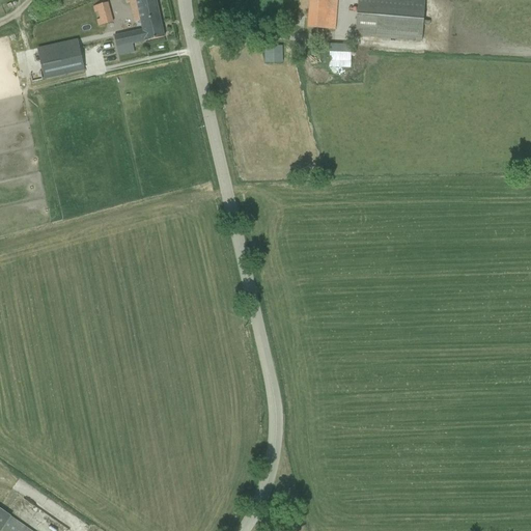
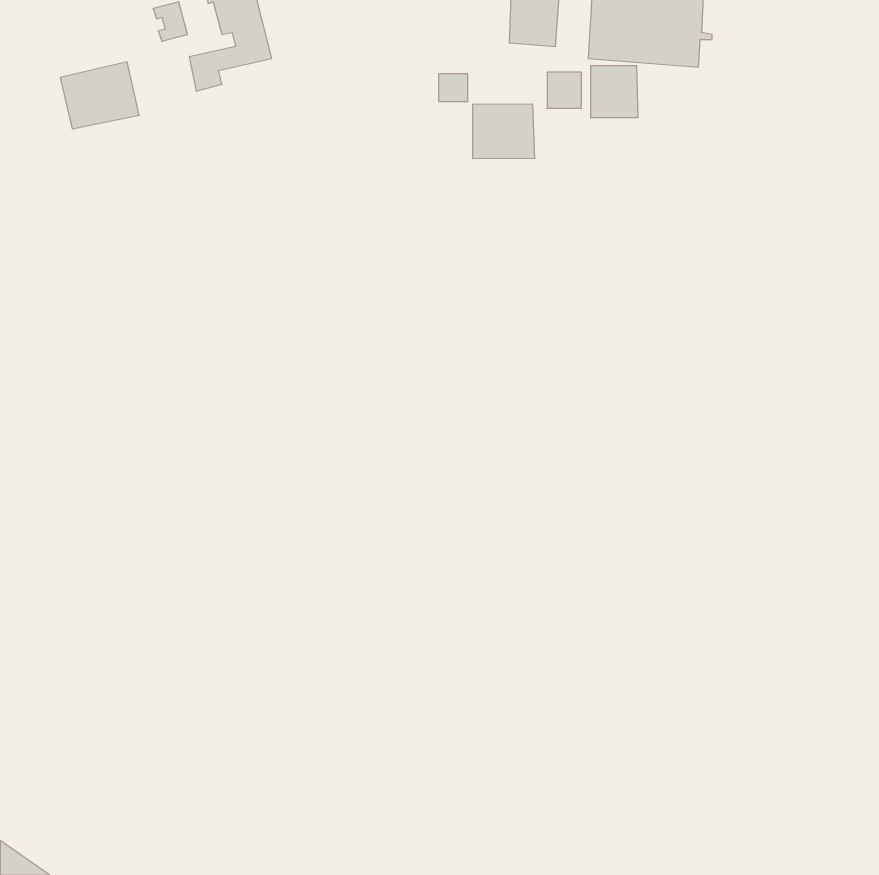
building: none -> [591,66,638,118]
building: none -> [473,104,535,159]

